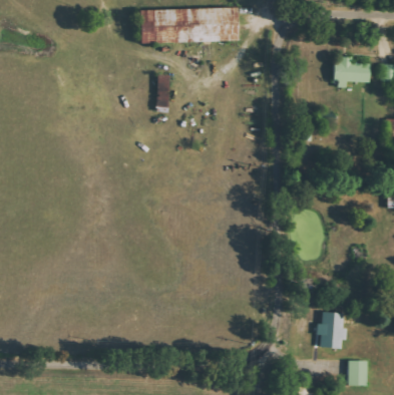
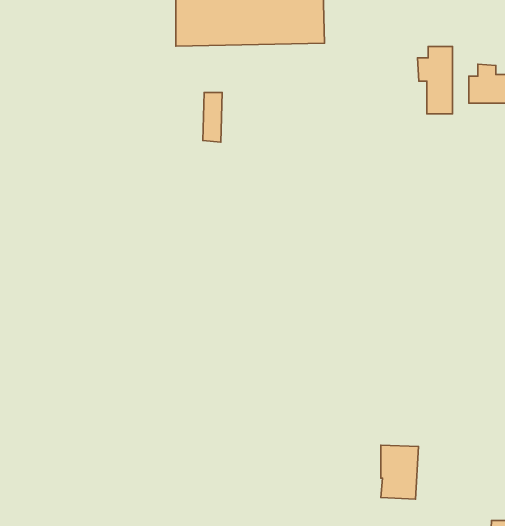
building: none -> [418,46,452,114]
building: [320,313,345,349] -> [381,445,418,499]

